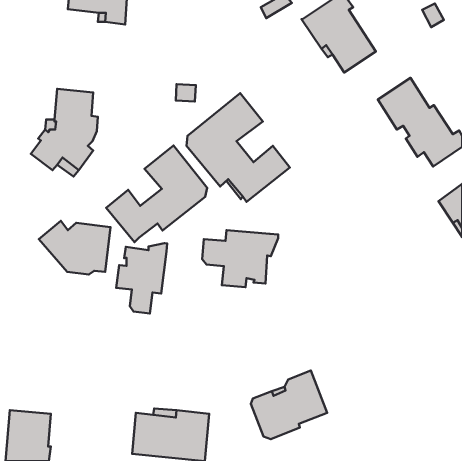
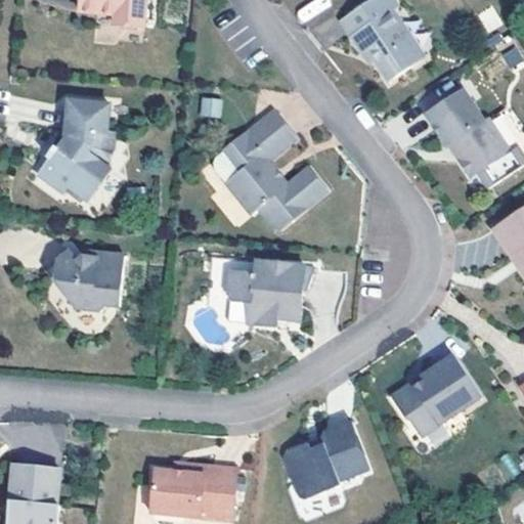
building: [106,145,207,242] -> none
building: [116,243,167,313] -> none
building: none -> [392,357,480,436]

